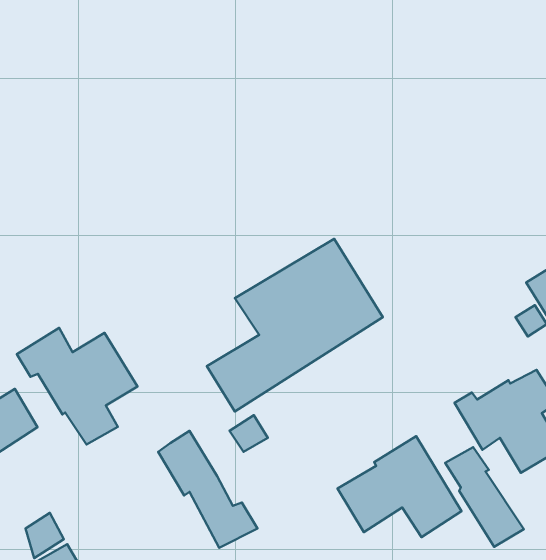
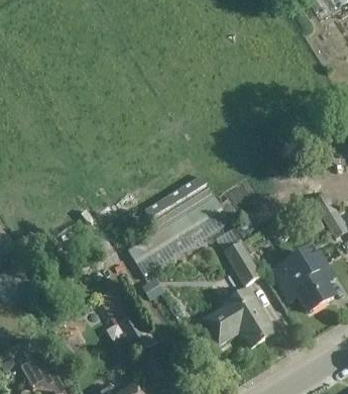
building: [17,328,138,445] -> none
building: [445,447,524,547] -> [216,227,261,285]

